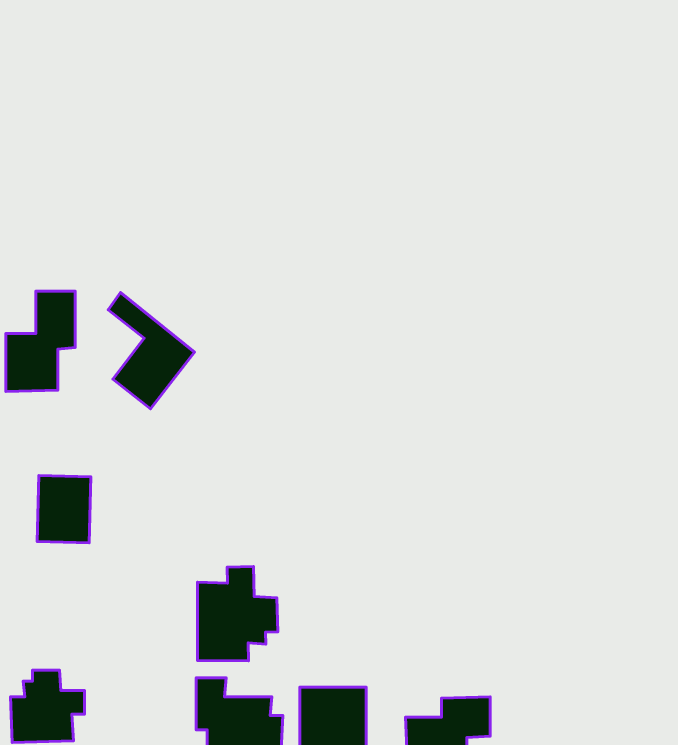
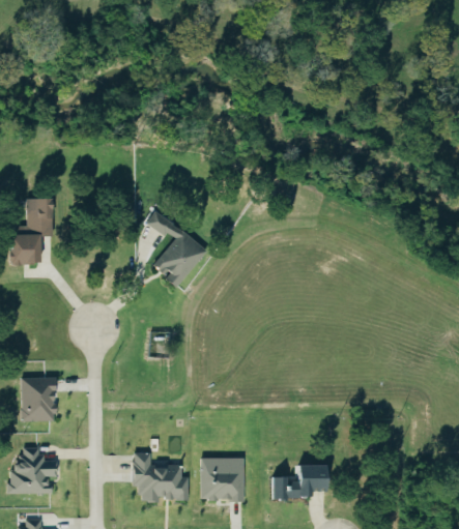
building: [108,293,195,409] -> [149,210,206,287]
building: [37,475,91,543] -> [22,377,57,421]
building: [198,566,278,661] -> none

